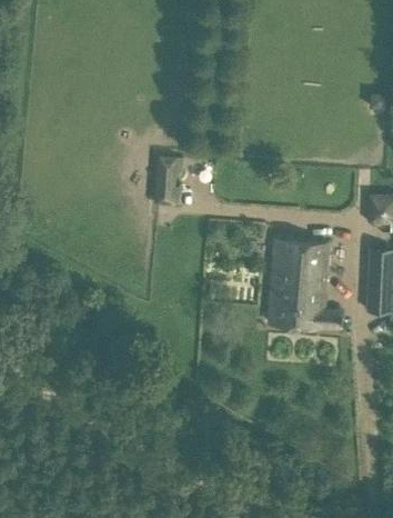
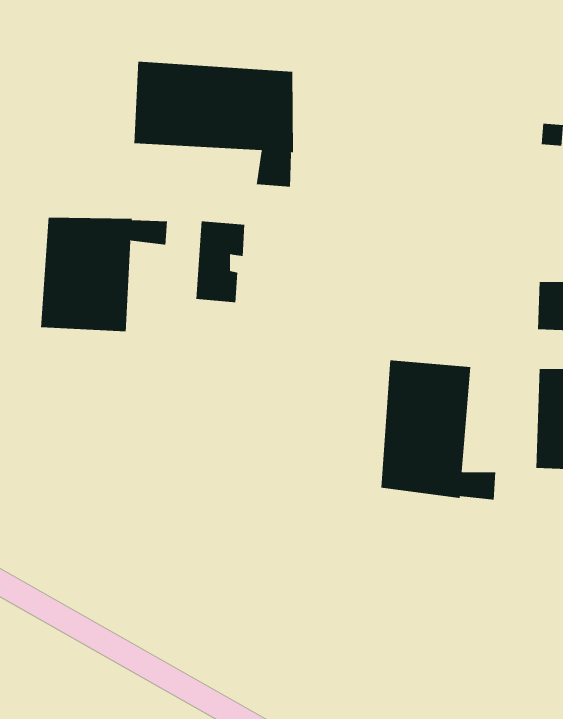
building: none -> [134,61,294,187]
building: none -> [41,217,168,332]

